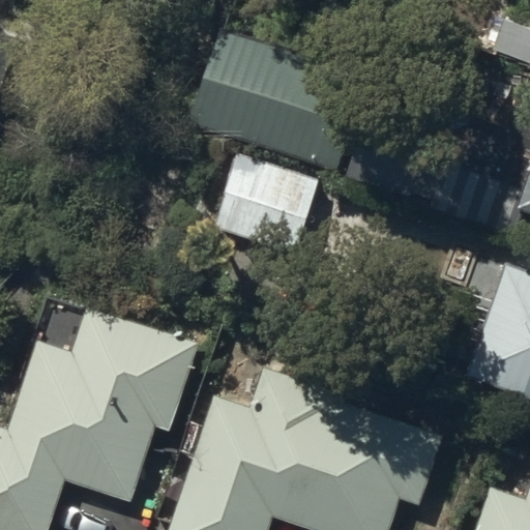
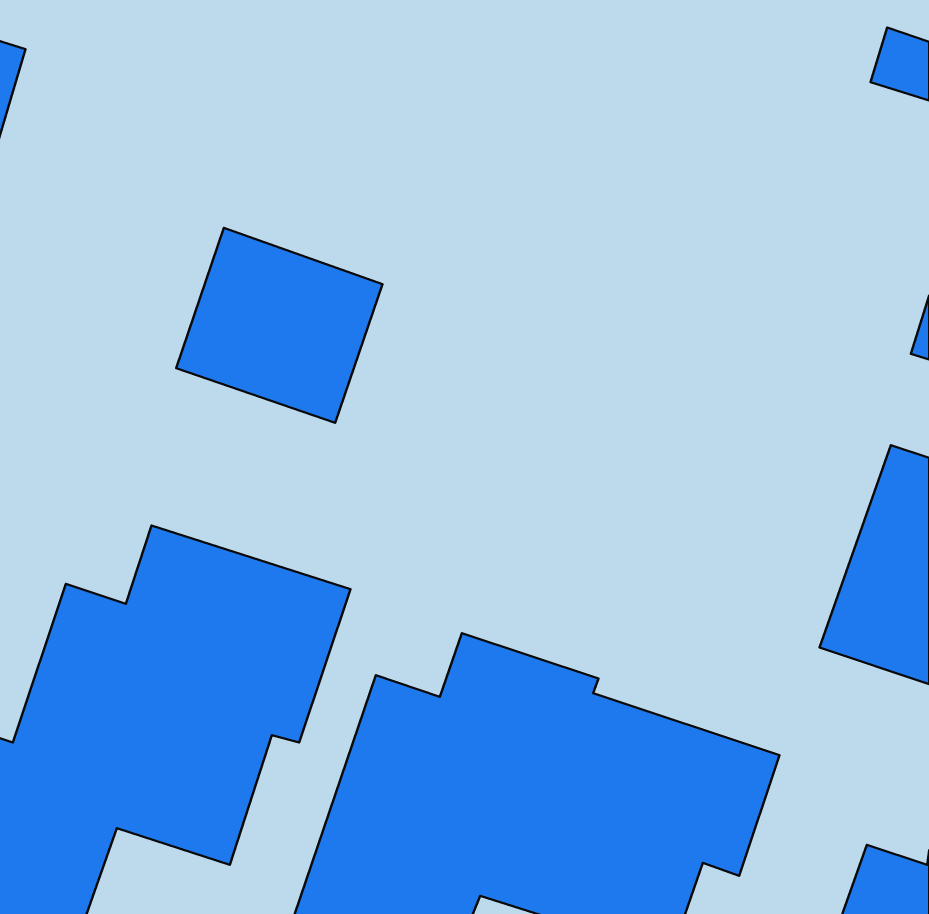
building: [188,24,367,170] -> none
building: [208,144,325,255] -> [176,228,383,423]

